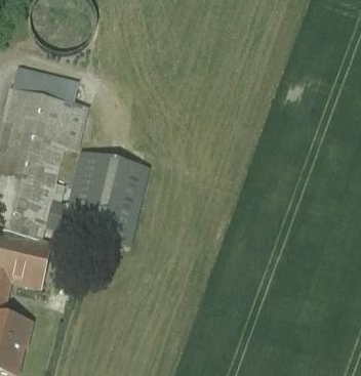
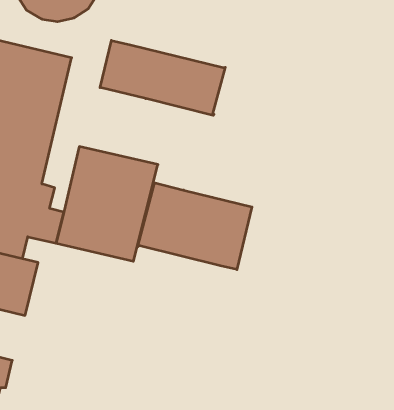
building: none -> [100,40,225,115]
building: none -> [138,182,252,270]

